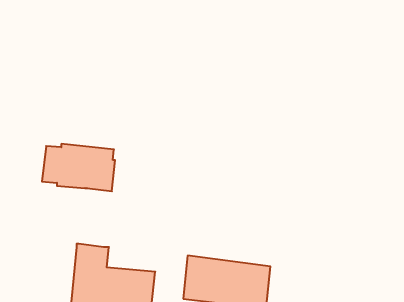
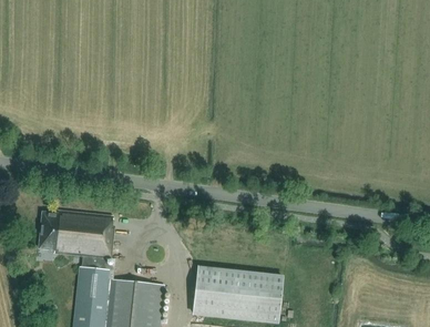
building: [42,144,115,191] -> [38,210,113,258]

